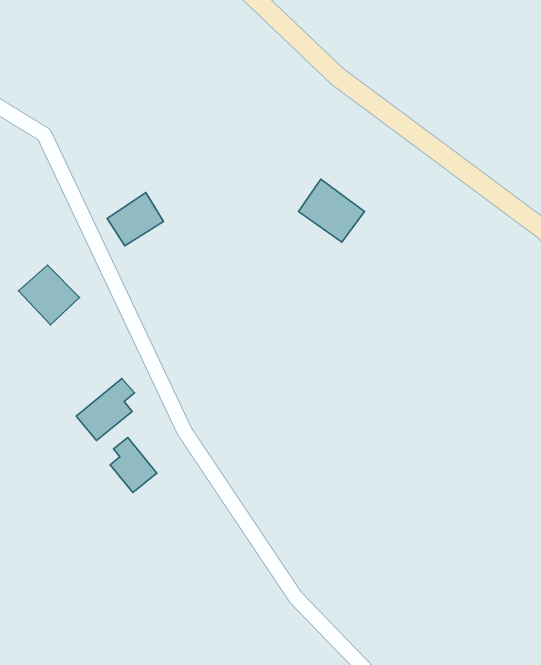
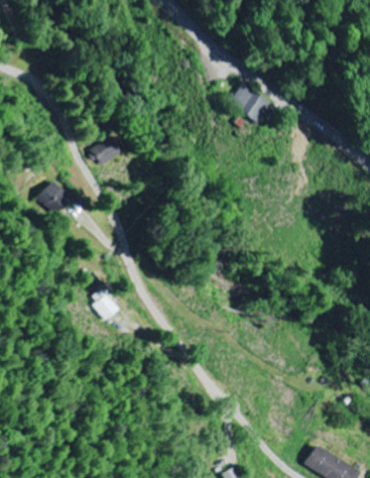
building: [298,179,364,242] -> [233,82,274,121]
building: [76,379,134,441] -> none

